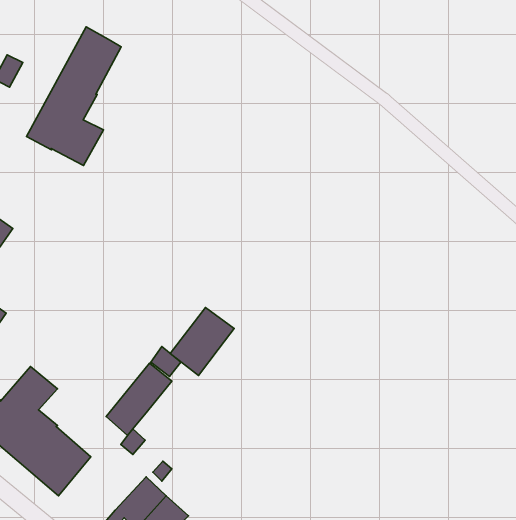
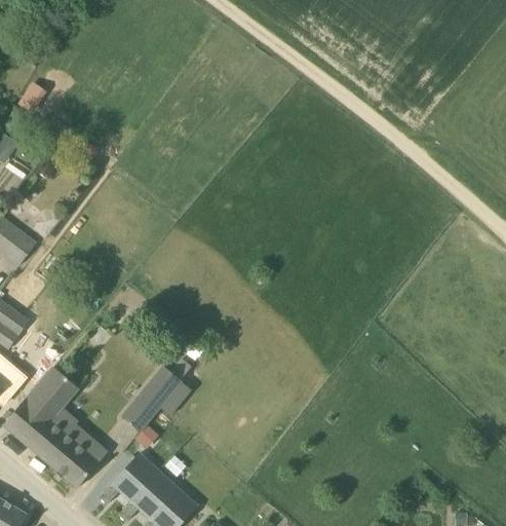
building: [26,27,121,165] -> none
building: [170,308,234,375] -> none
building: none -> [100,453,159,504]

